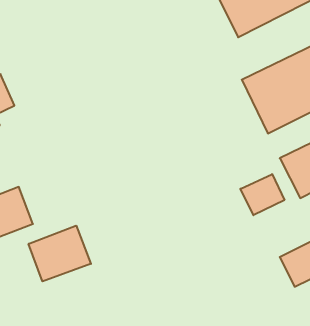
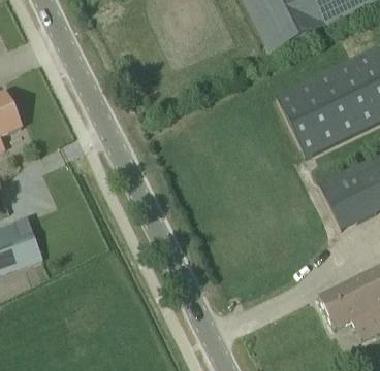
building: [240,174,284,215] -> none
building: [29,226,91,281] -> none

